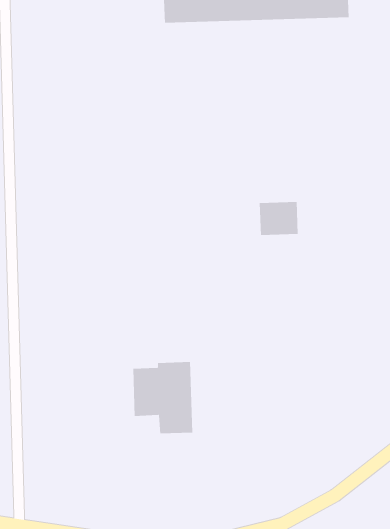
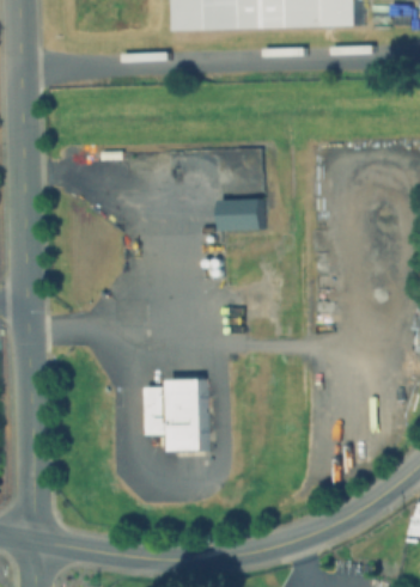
building: [259,202,299,235] -> [218,196,258,231]

